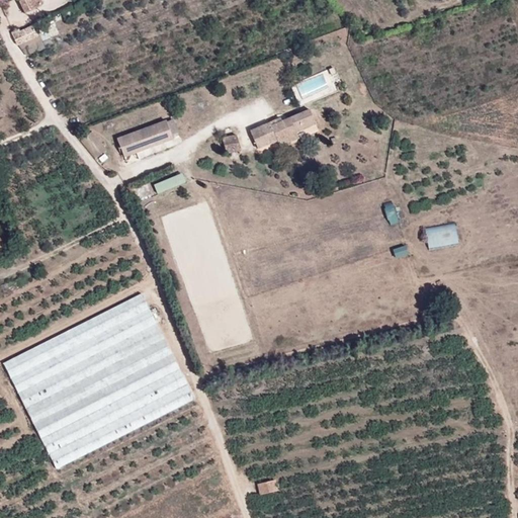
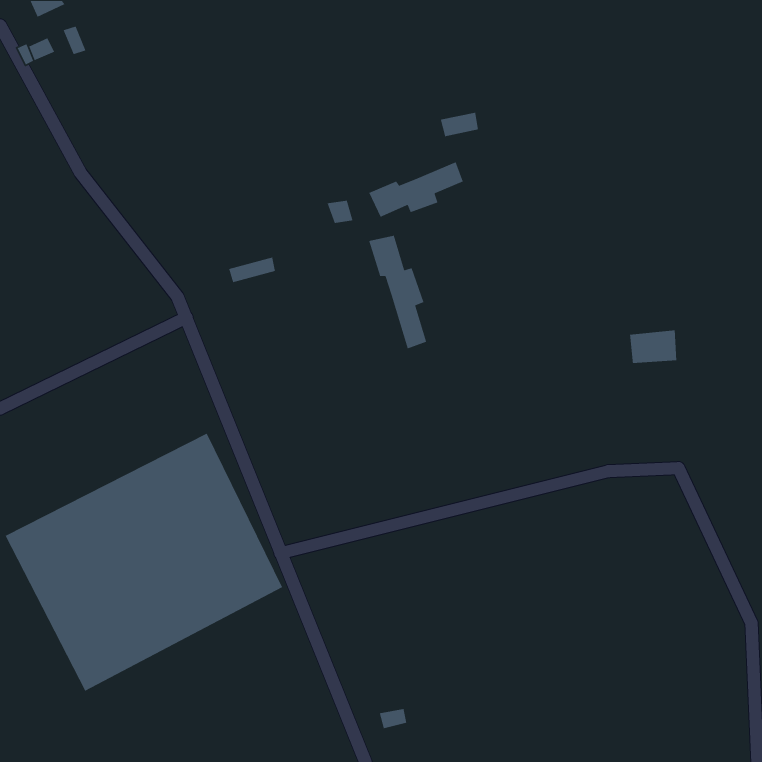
building: [117,120,172,156] -> none
building: none -> [368,235,427,349]

